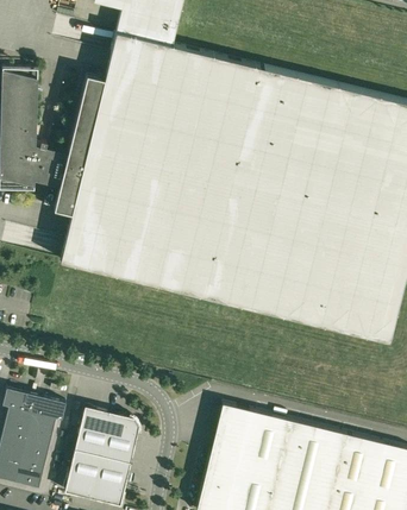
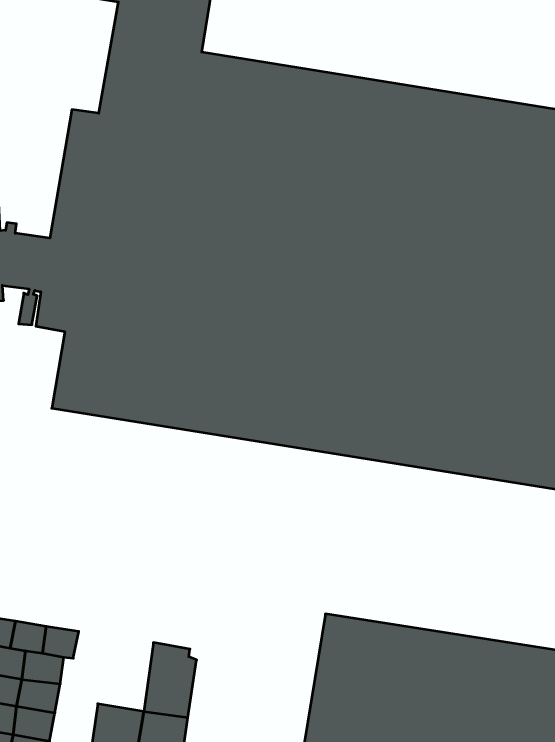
building: [74,408,112,457] -> none

